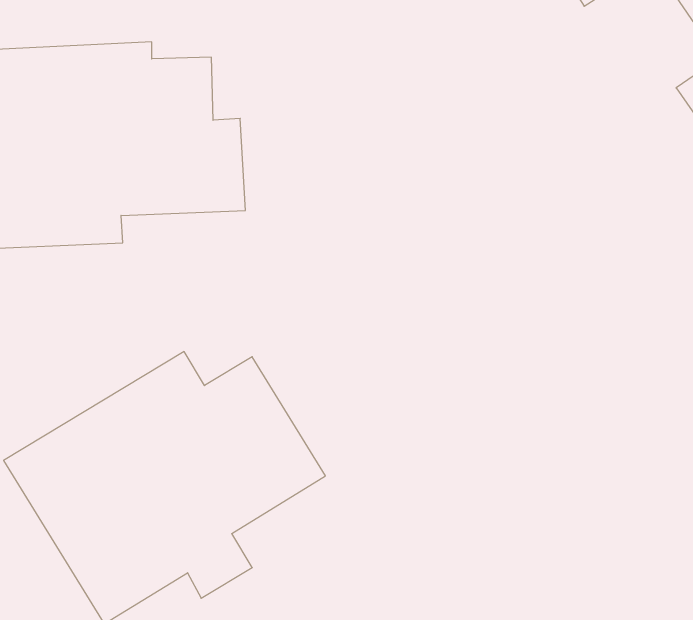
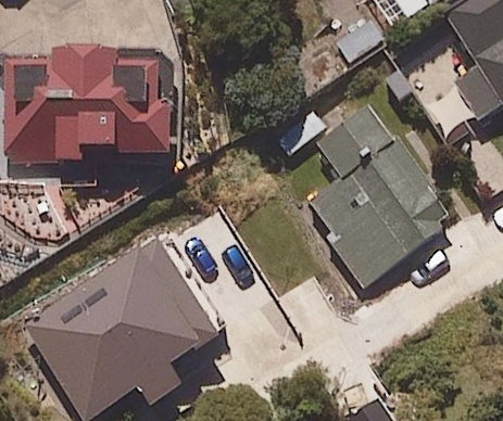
building: none -> [307,104,455,286]

